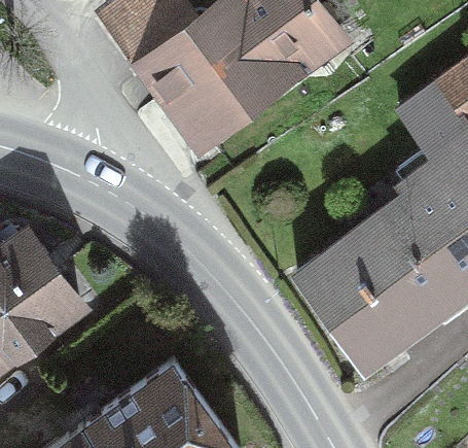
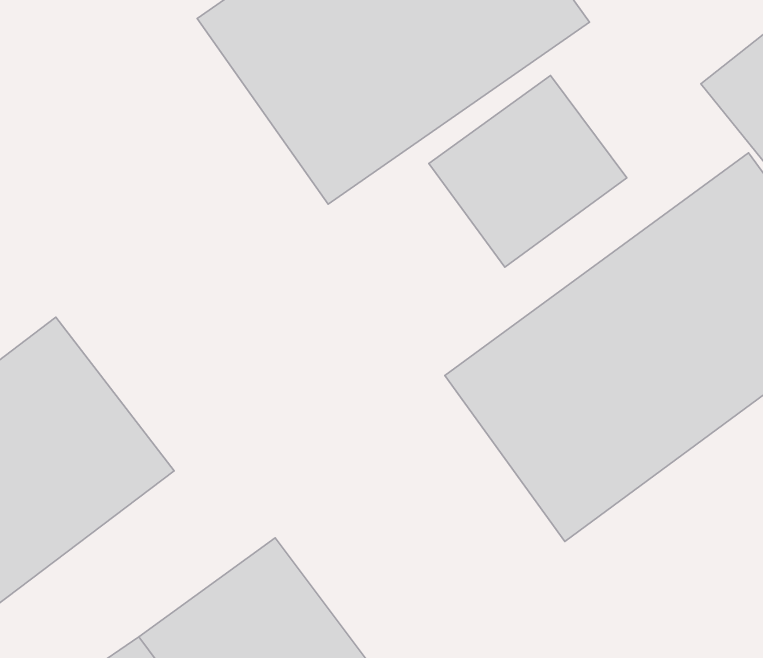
building: none -> [429,76,627,267]

